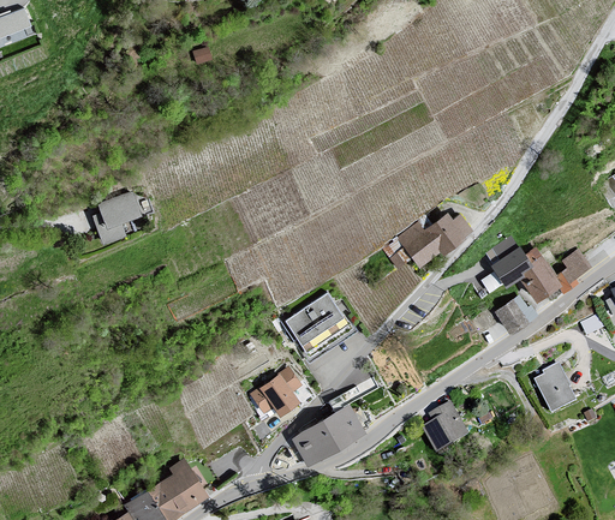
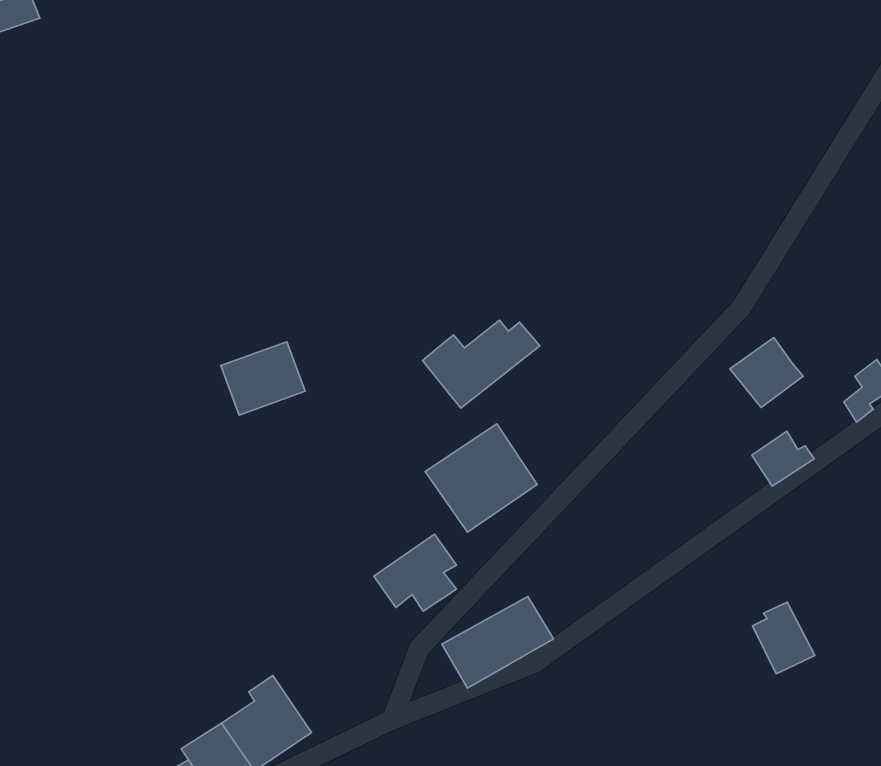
building: [90,191,145,239] -> [221,342,305,415]
building: [395,208,472,265] -> [422,320,540,408]
building: [519,246,559,301] -> none
building: [535,364,575,411] -> [752,602,815,674]
building: [423,402,466,449] -> none

